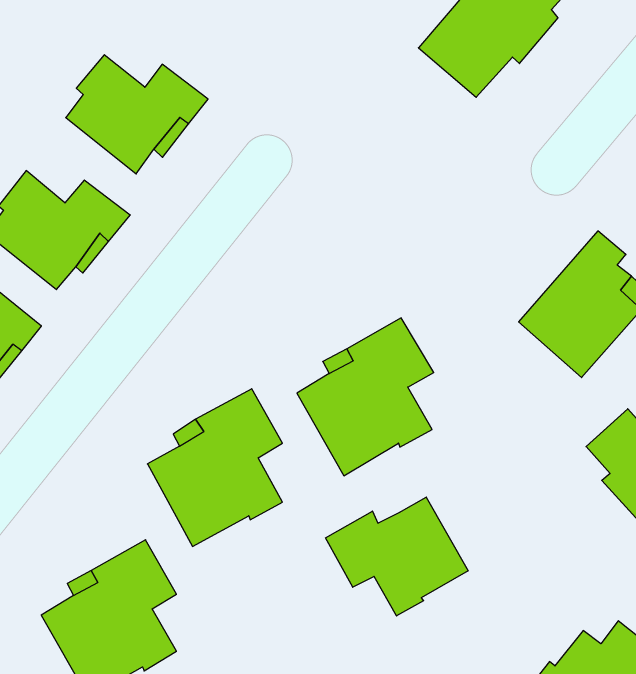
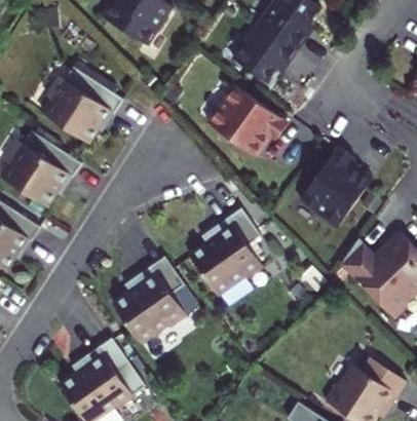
building: none -> [203,82,283,149]
building: [326,497,468,616] -> none

